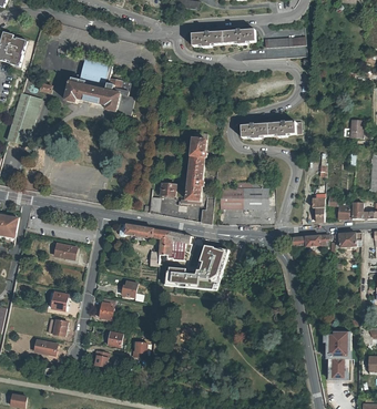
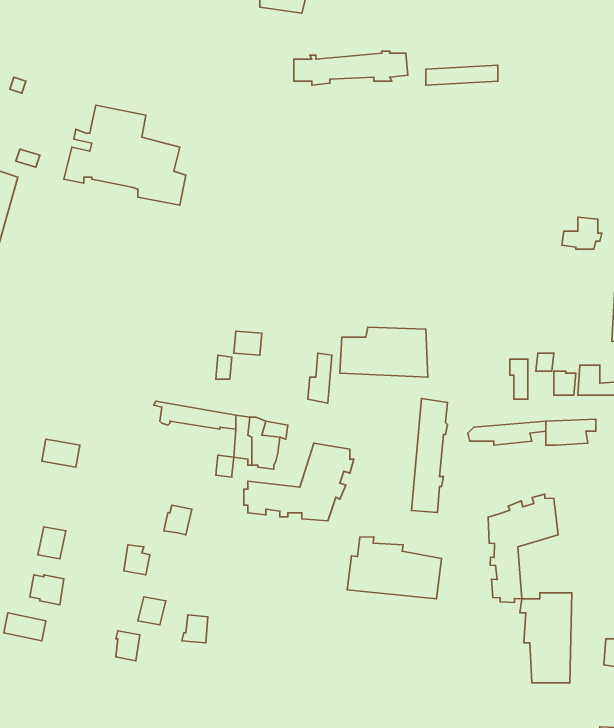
building: [241,121,300,140] -> none
building: [186,139,206,202] -> [411,398,447,512]
building: none -> [488,494,558,603]
building: none -> [347,537,442,599]

